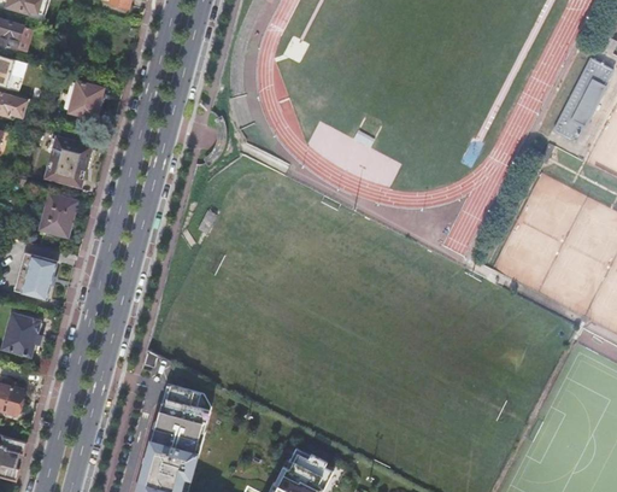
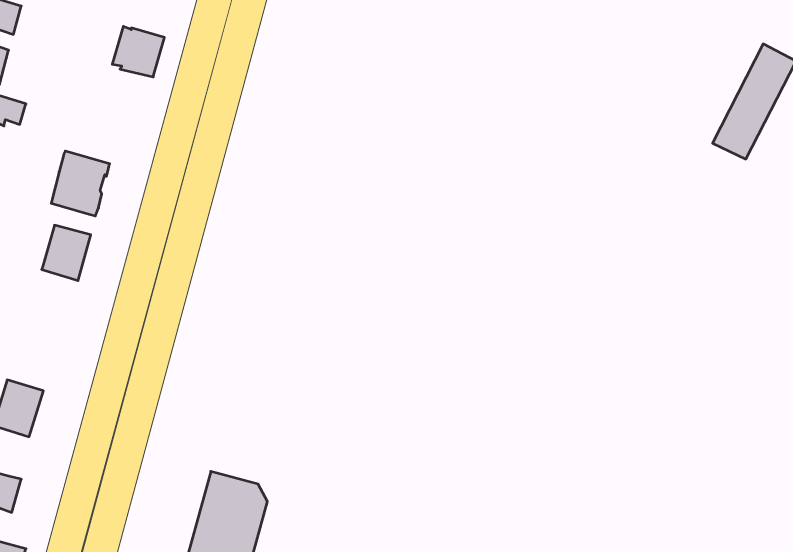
building: [63,81,102,119] -> [112,26,164,77]
building: [13,253,57,299] -> none

